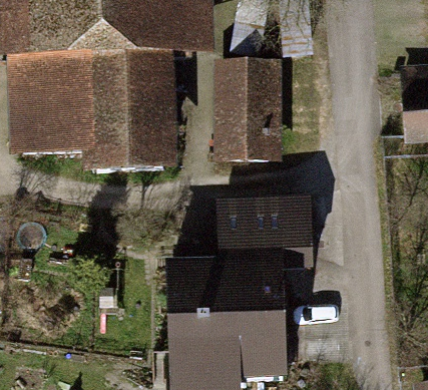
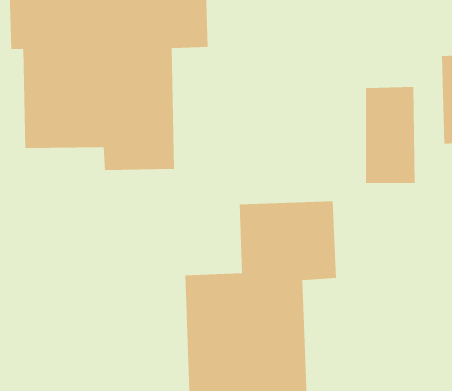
building: [226,72,272,161] -> [365,87,415,184]

